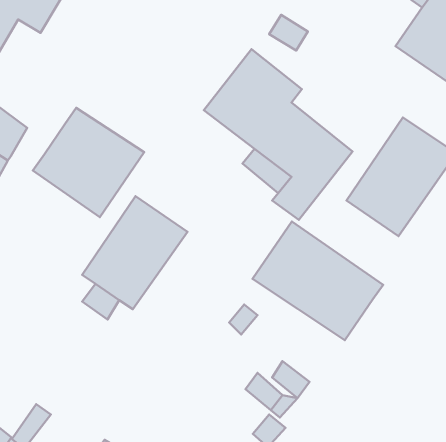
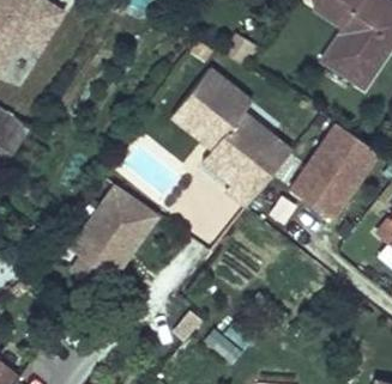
building: [33,108,144,217] -> none
building: [252,222,383,340] -> none

